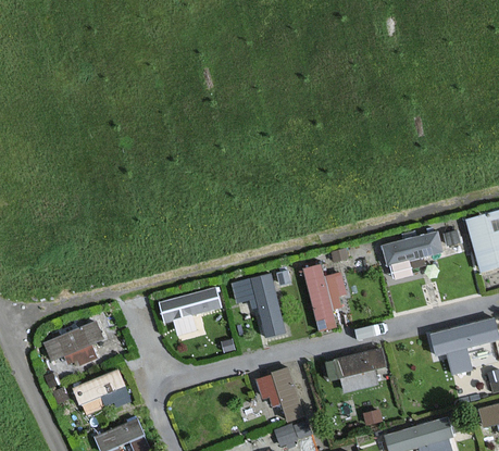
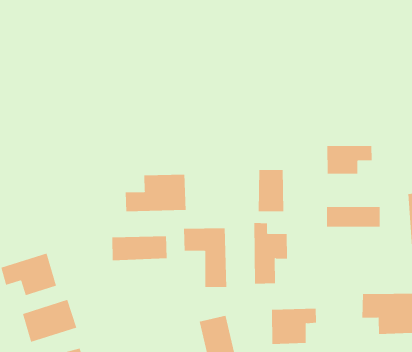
building: none -> [327,145,372,175]
building: none -> [258,169,284,212]
building: none -> [125,174,186,212]

